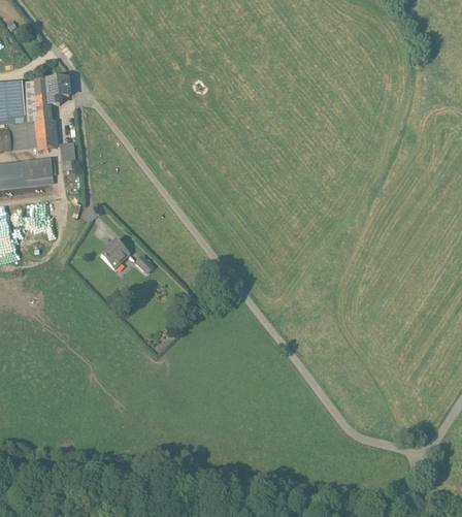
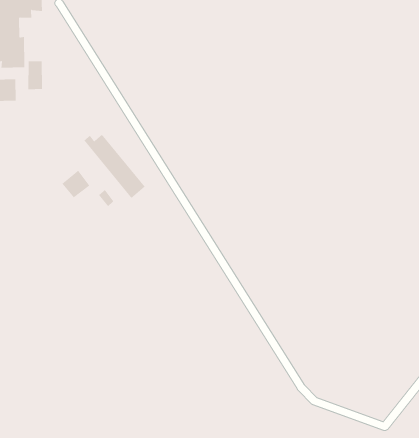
building: none -> [83,134,145,199]

